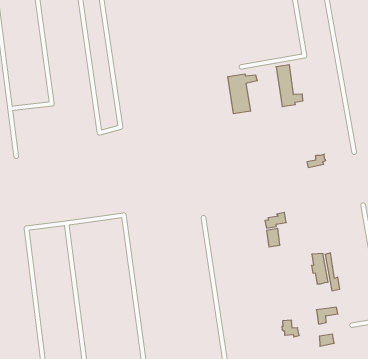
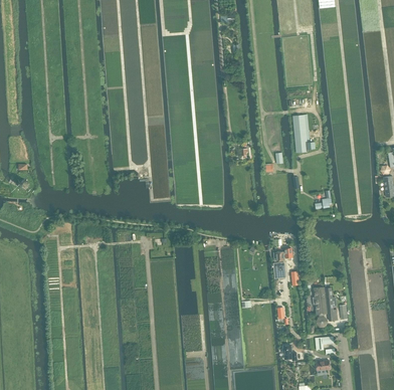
building: [228,74,257,114] -> none

